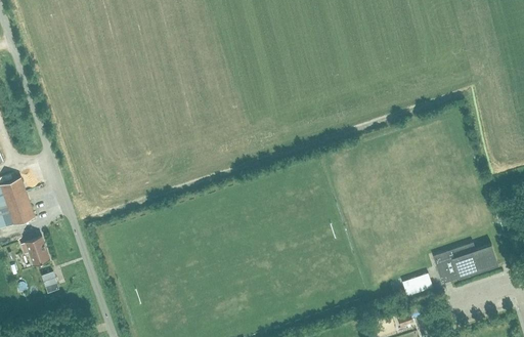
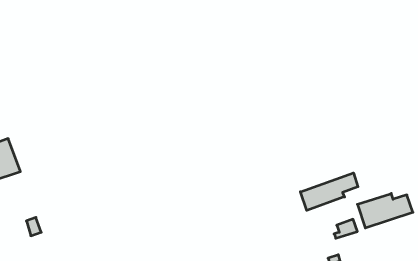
building: none -> [300,173,358,210]
building: [21,237,50,266] -> none

